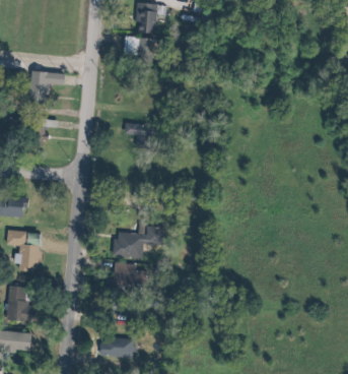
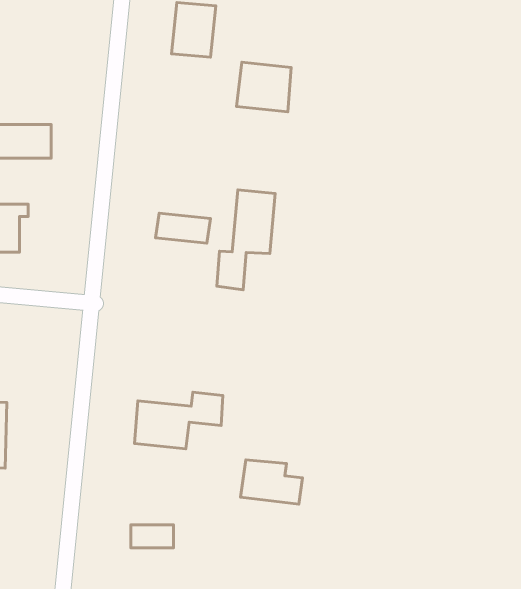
building: [123,36,154,64] -> [236,62,291,112]
building: none -> [217,190,275,290]
building: [110,262,145,288] -> [241,460,303,504]

